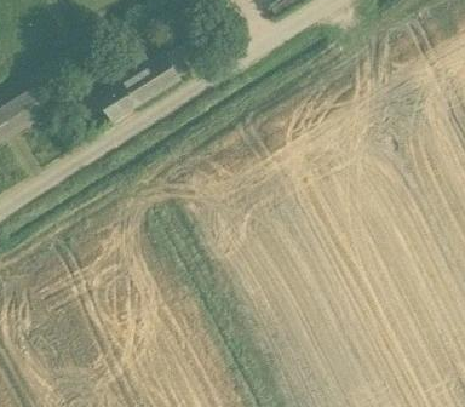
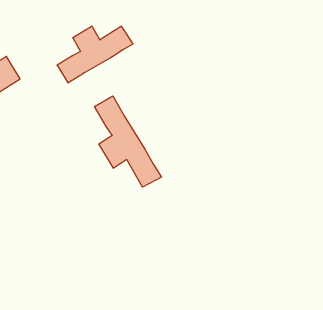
building: none -> [95,96,162,187]

